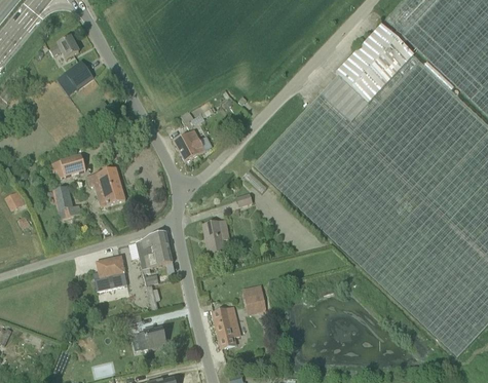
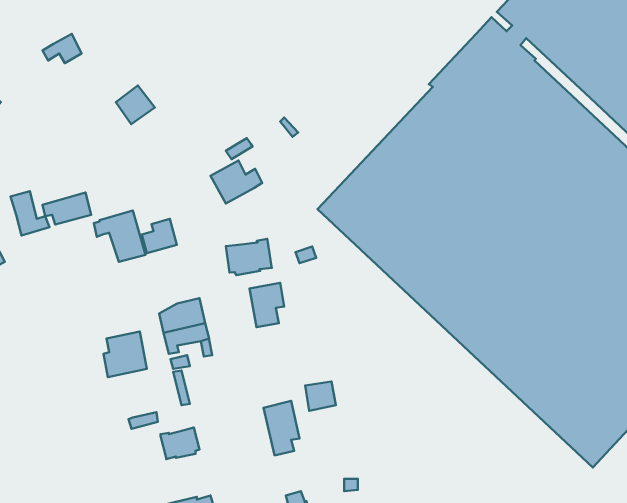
building: [65,60,93,88] -> [116,85,155,124]
building: none -> [142,219,177,253]
building: [52,186,81,219] -> [11,191,49,236]
building: none -> [226,239,272,275]

